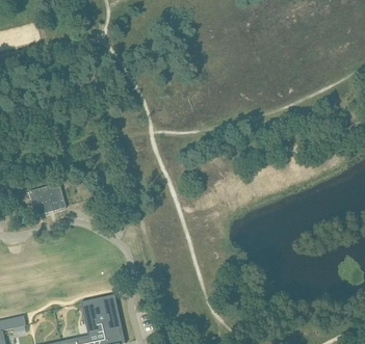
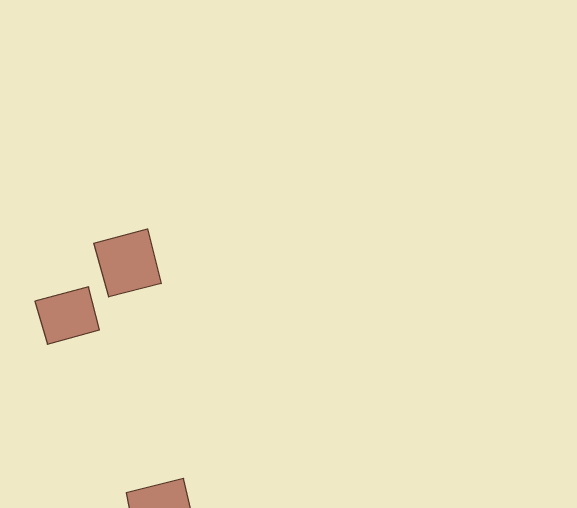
building: none -> [94,229,161,297]

